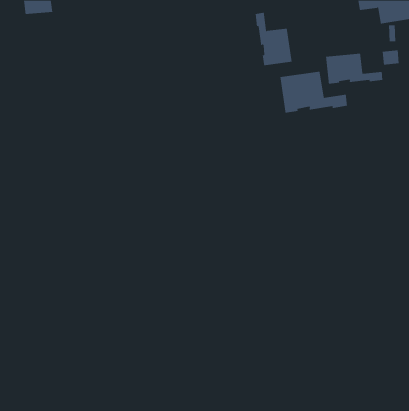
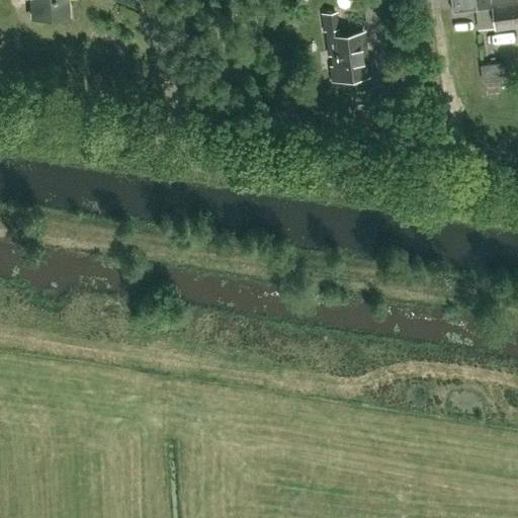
building: [326,53,383,84] -> none
building: [280,71,348,113] -> none

